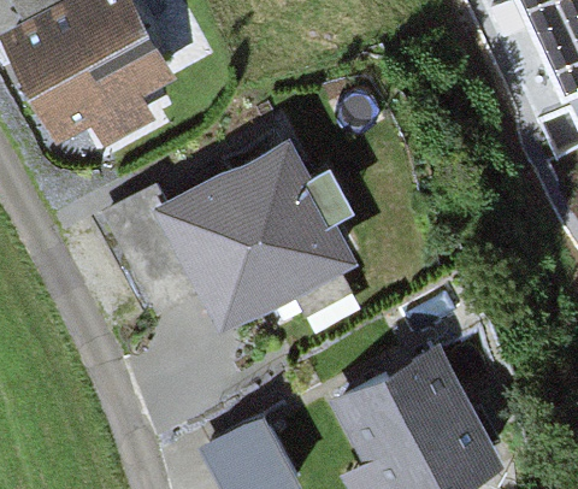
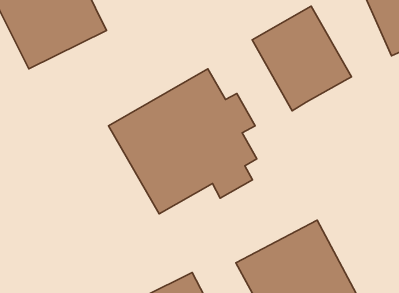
building: none -> [252,6,351,111]

